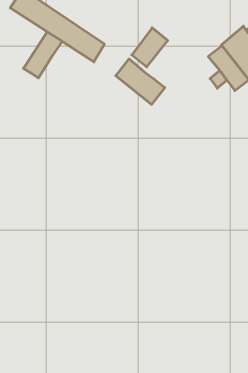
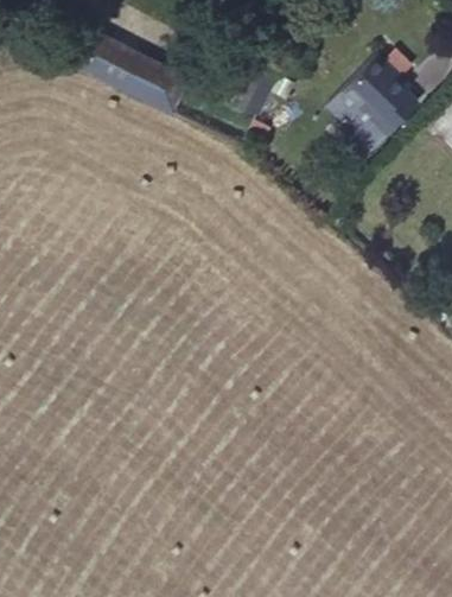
building: [23,32,62,78] -> none
building: [116,59,165,104] -> none

